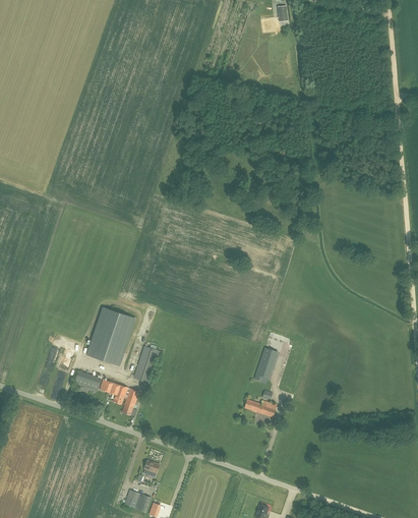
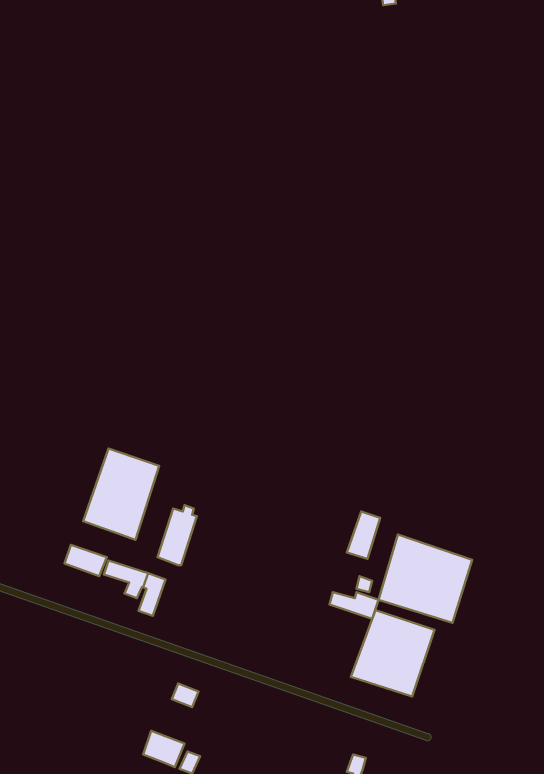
building: none -> [379,534,472,623]
building: none -> [351,610,434,696]

